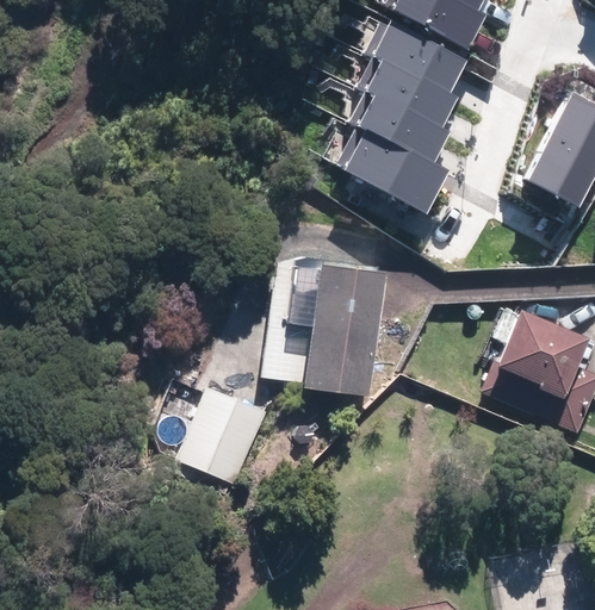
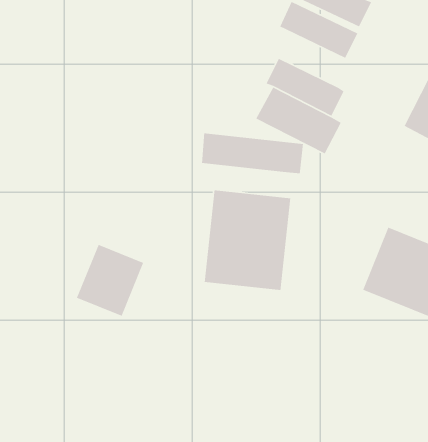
building: [360,52,463,127] -> none
building: none -> [201,133,304,174]
building: [174,387,262,481] -> [76,244,144,317]

